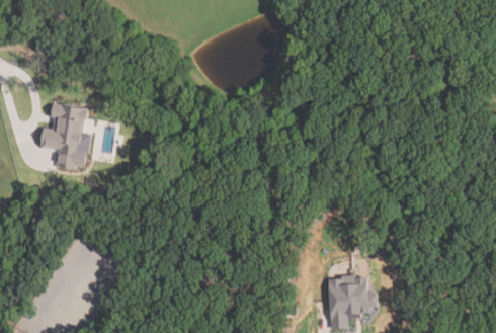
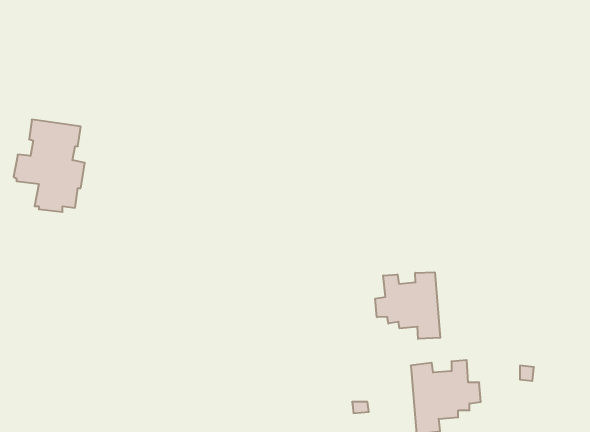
building: none -> [375,272,440,339]

